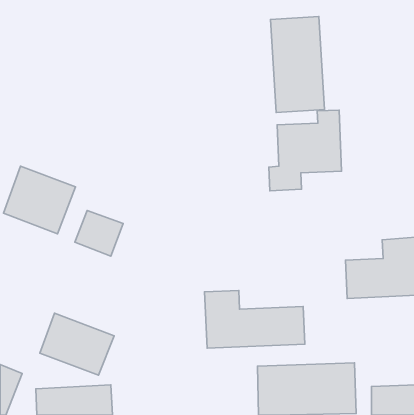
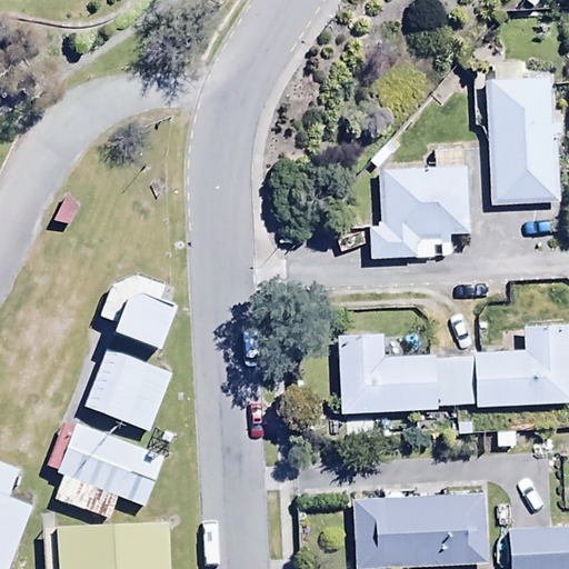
building: [271,16,324,113] -> [486,76,559,207]
building: [4,166,76,234] -> none
building: none -> [88,352,168,428]
building: [205,290,305,348] -> [337,333,473,412]

